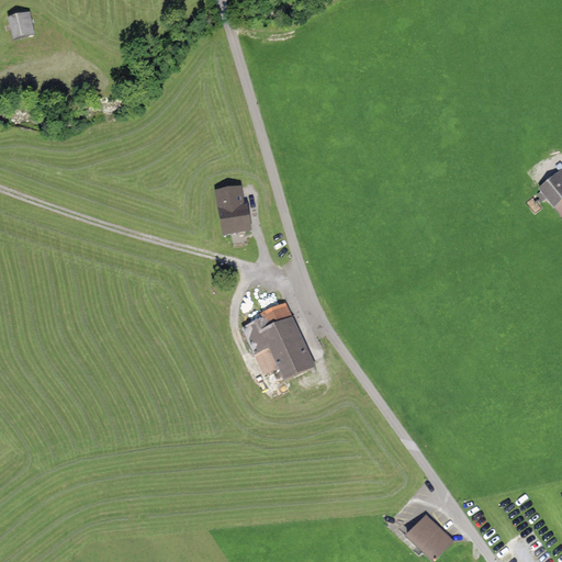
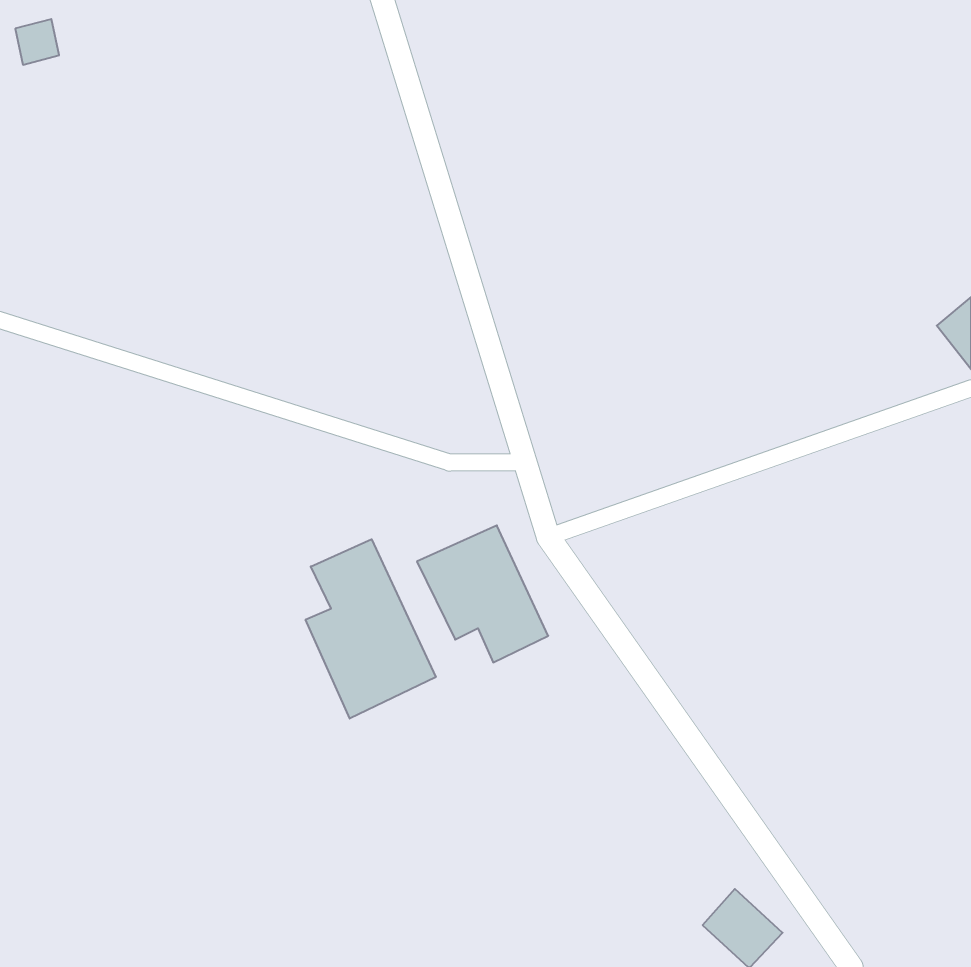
building: [215,187,250,234] -> none
building: none -> [306,539,436,719]

